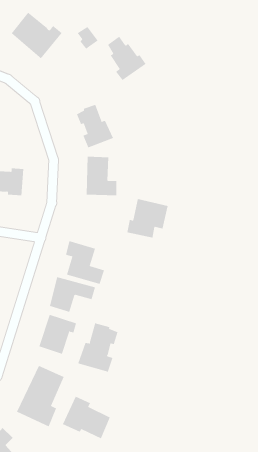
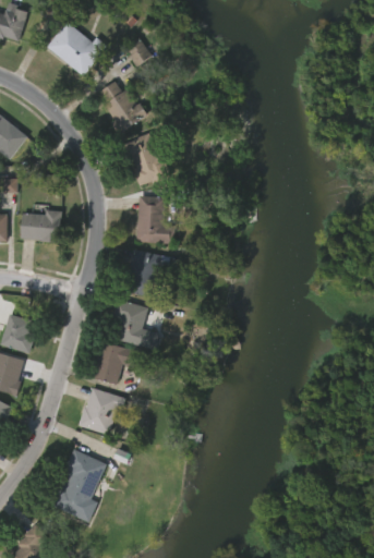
building: [107,36,146,81] -> [99,80,147,134]
building: [126,199,168,238] -> [120,248,171,296]
building: [77,322,118,372] -> none
building: [62,396,111,439] -> none

